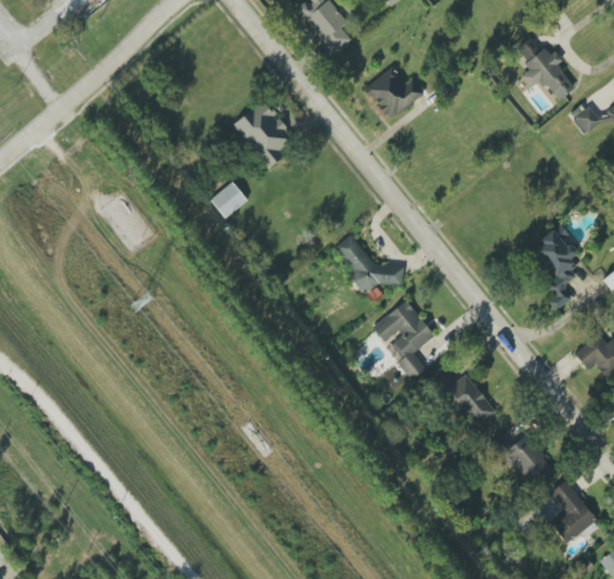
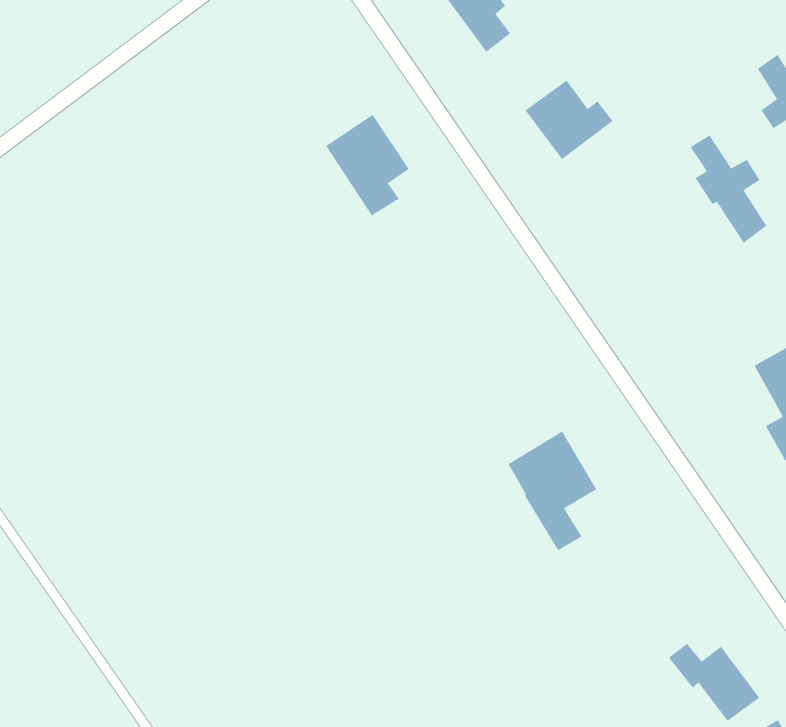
building: none -> [690,135,767,244]
building: [211,181,248,218] -> none
building: [333,234,407,292] -> none
building: [434,370,495,424] -> none

